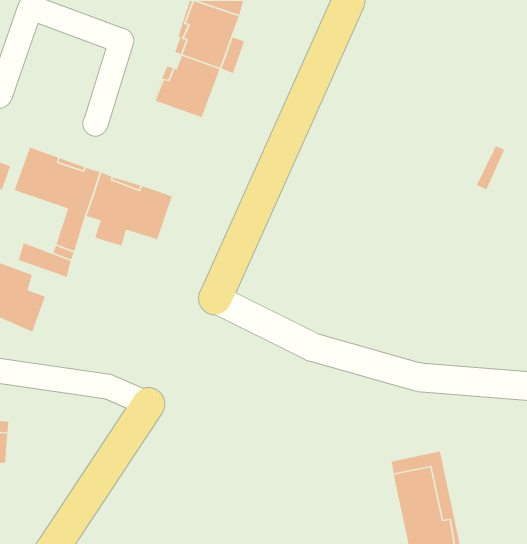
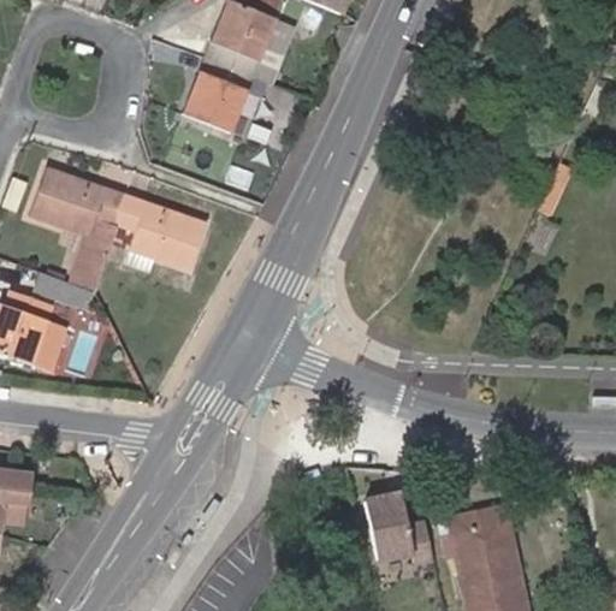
building: none -> [365,493,432,562]

